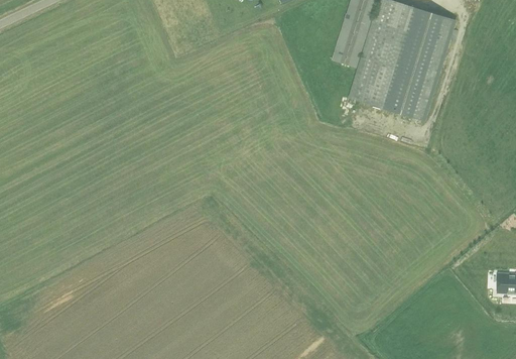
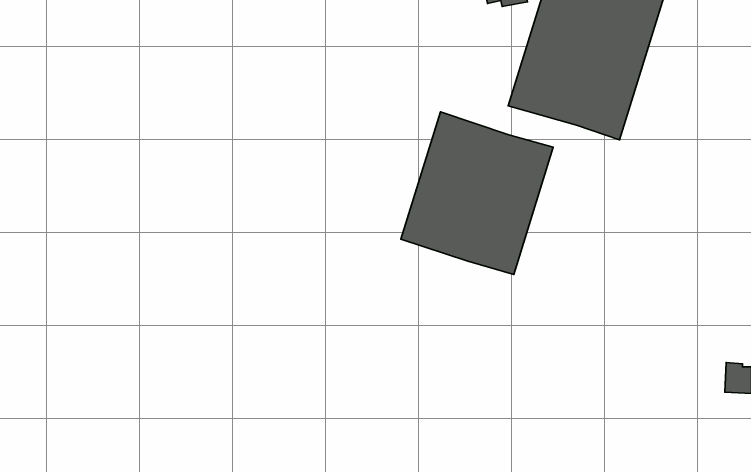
building: none -> [401,112,553,275]

